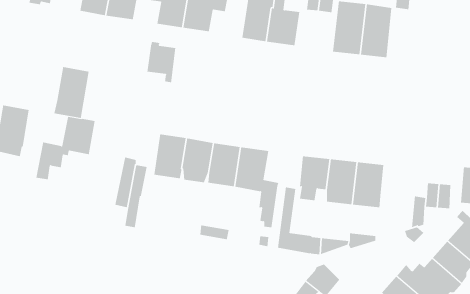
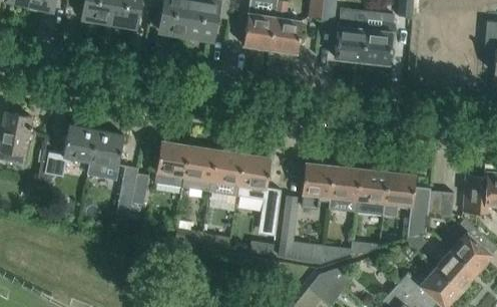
building: [147,41,176,83] -> none
building: [54,66,90,118] -> [88,128,124,181]
building: none -> [383,173,416,218]

